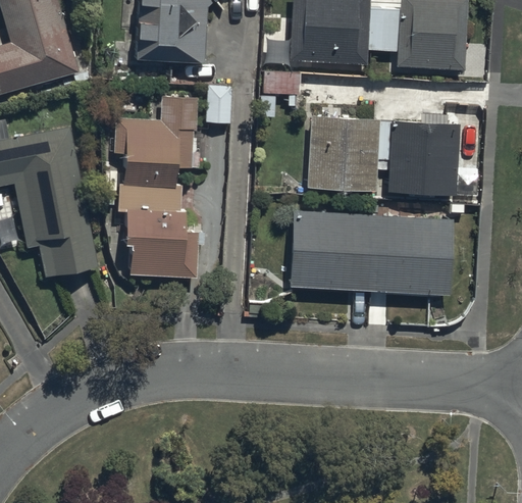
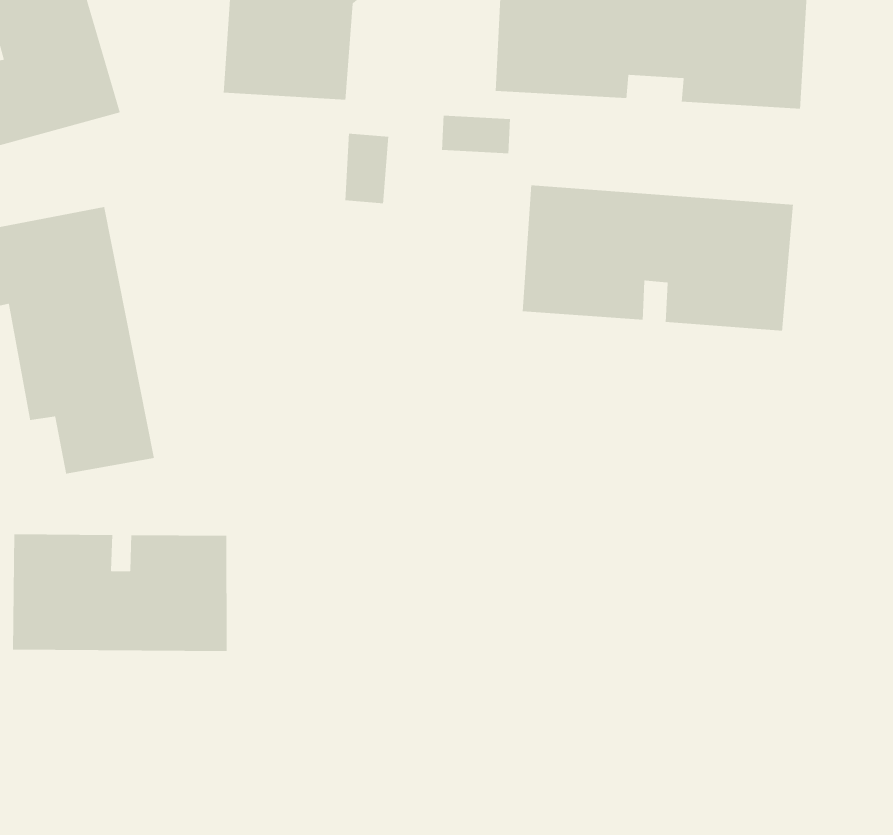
building: [113,96,200,279] -> none
building: [288,213,454,296] -> none
building: none -> [12,534,227,652]

